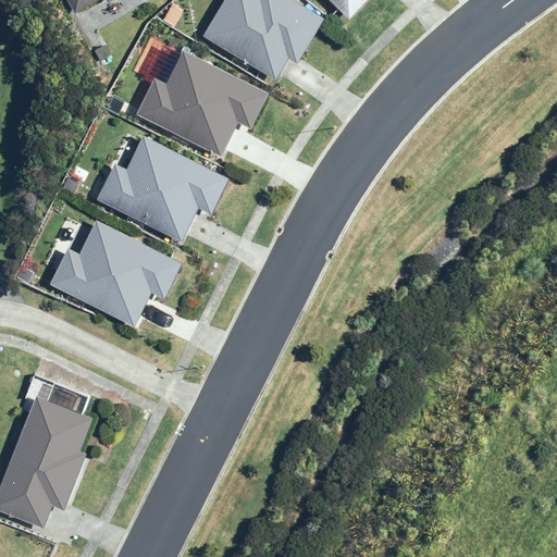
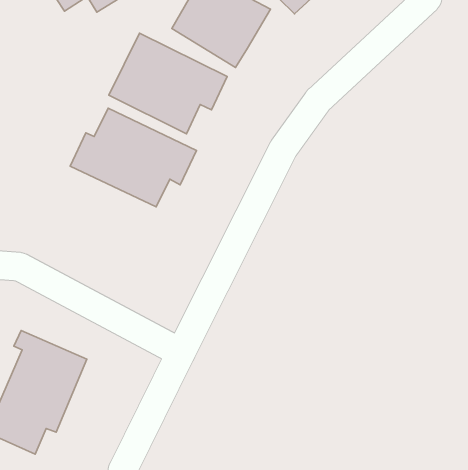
building: [46,218,183,329] -> none

